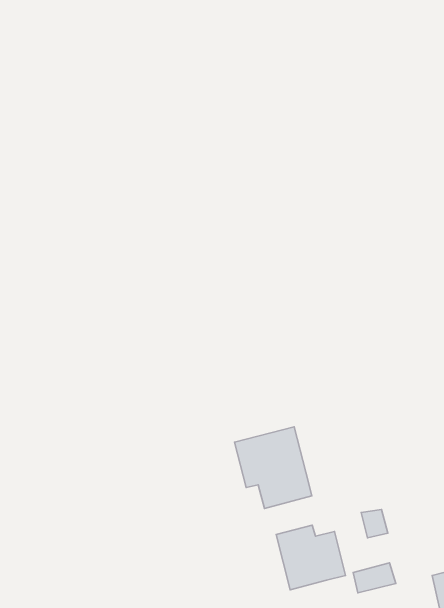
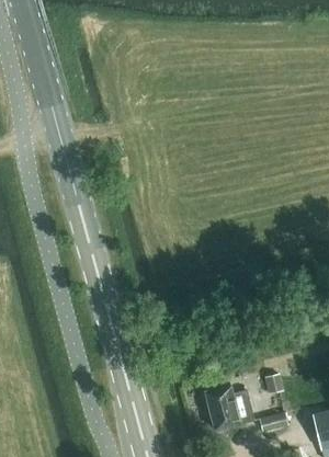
building: [234,427,312,509] -> none

